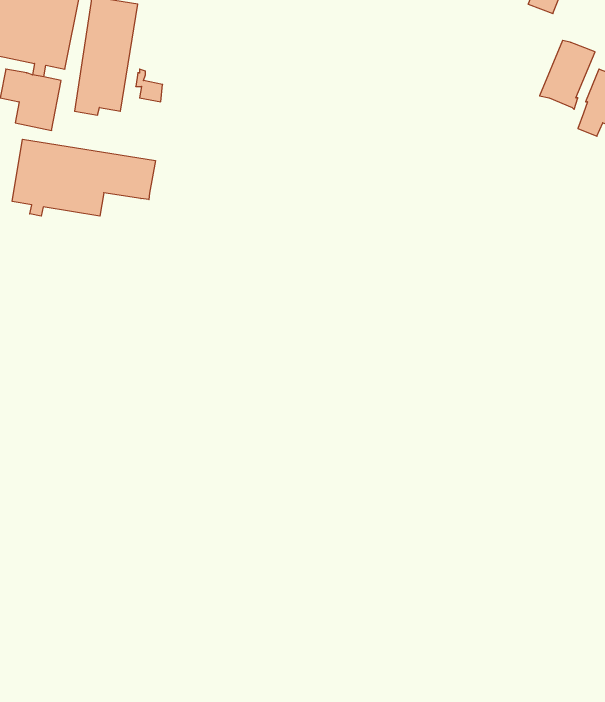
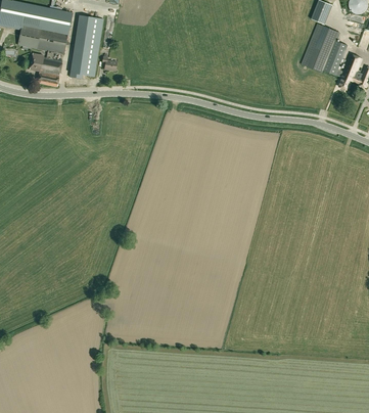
building: none -> [302,22,338,72]
building: [12,139,155,216] -> none

